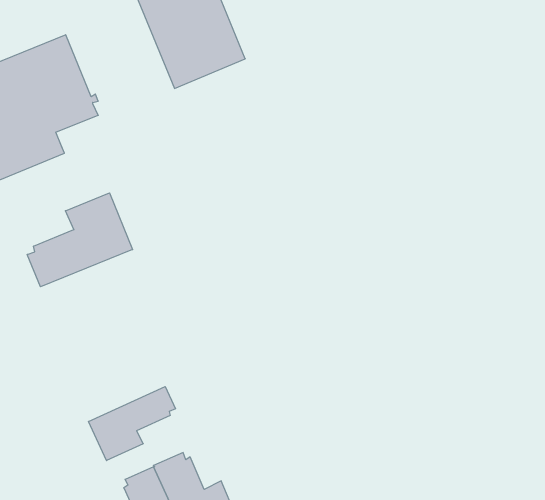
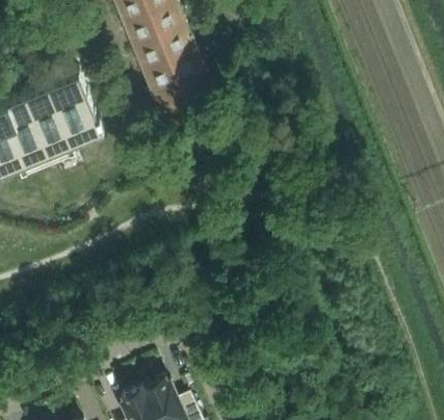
building: [27,193,133,287] -> none
building: [89,387,175,461] -> none

